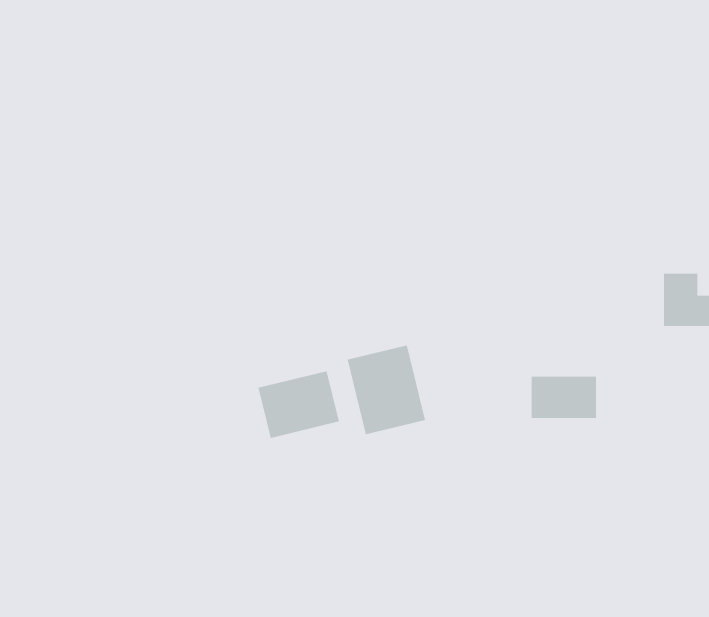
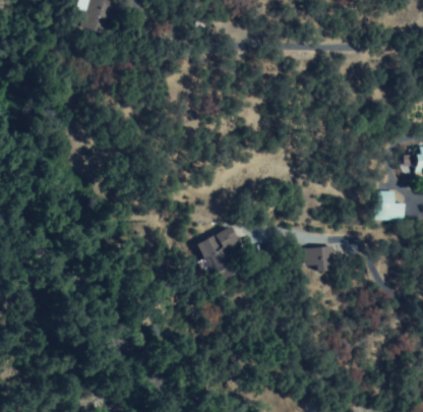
building: [258,370,339,439] -> none

